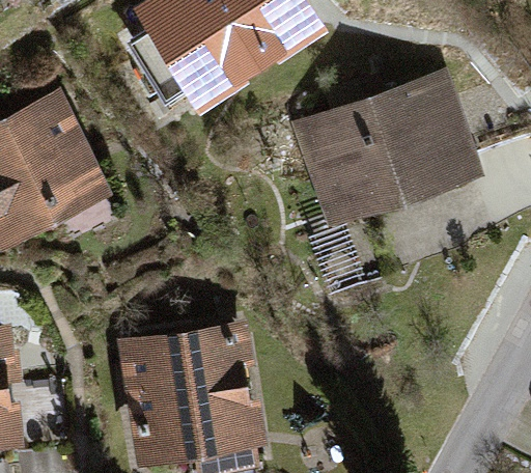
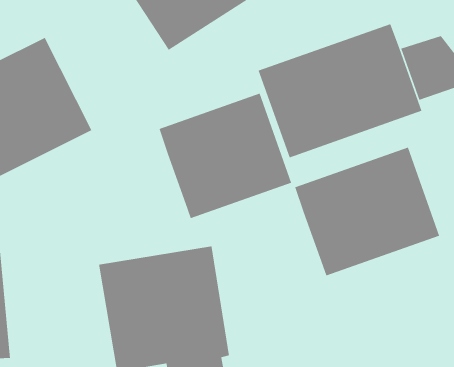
building: none -> [158,92,292,219]
building: none -> [294,146,440,277]

